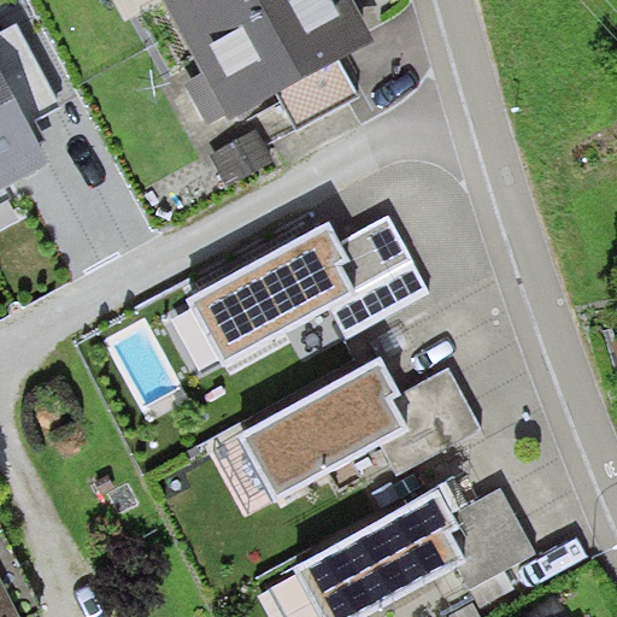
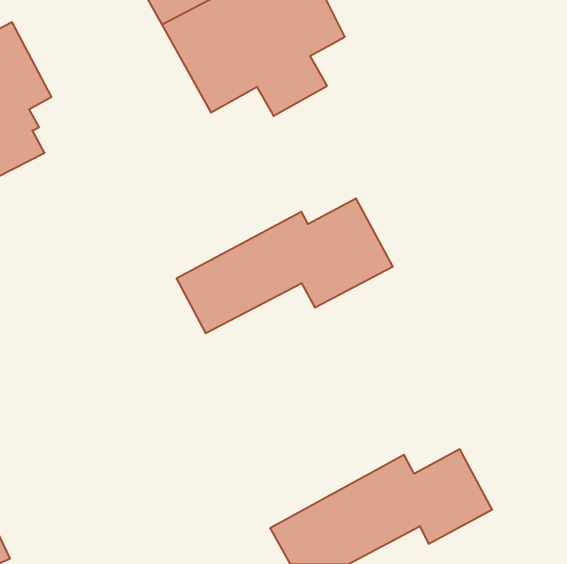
building: [241,365,477,499] -> none

